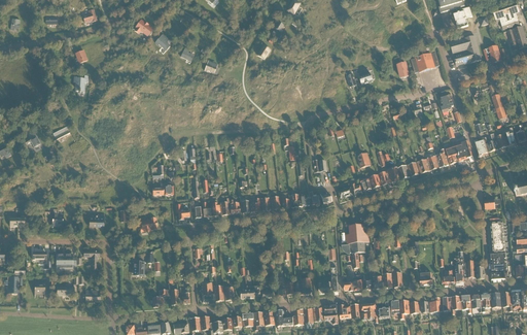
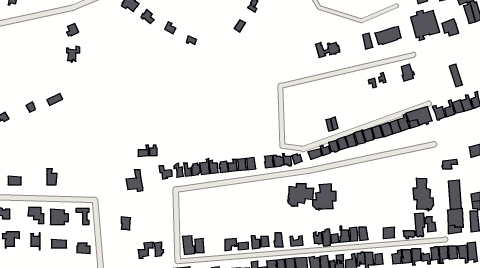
building: none -> [413,178,433,211]
building: none -> [287,183,313,206]

